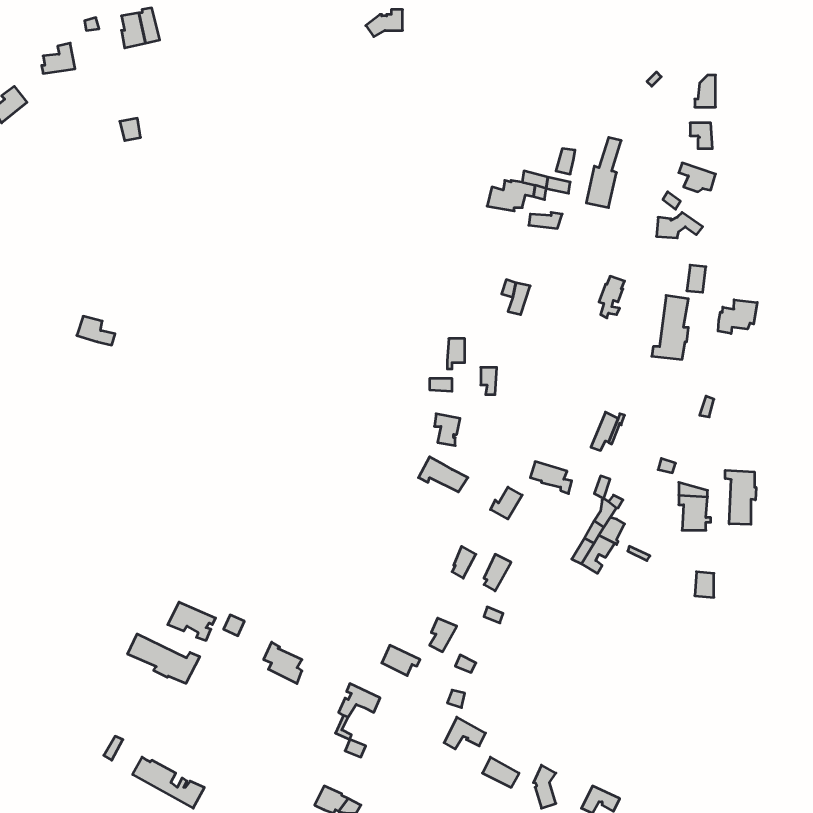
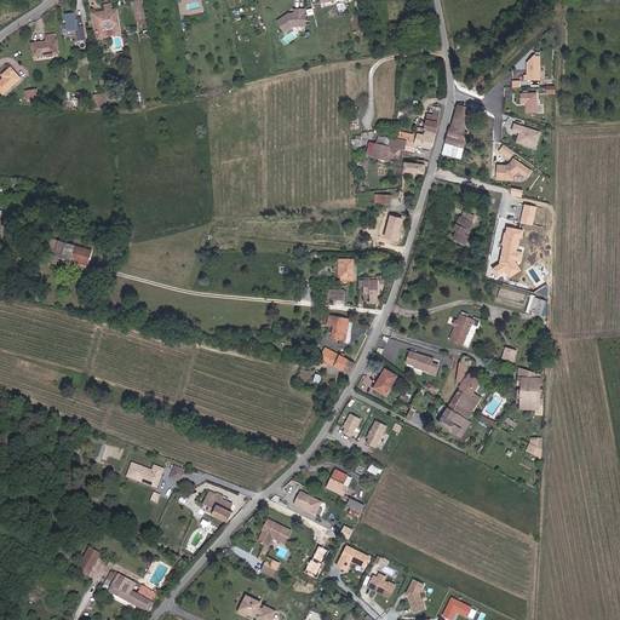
building: [718,300,757,334] -> none
building: [725,470,756,524] -> none
building: [128,634,200,683] -> none

